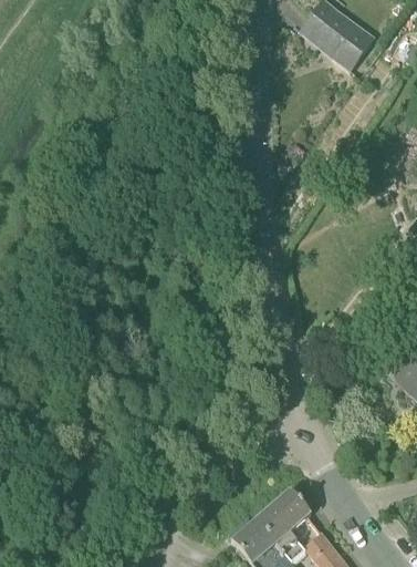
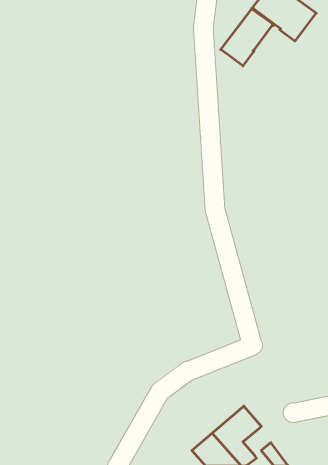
building: none -> [221,9,274,66]

